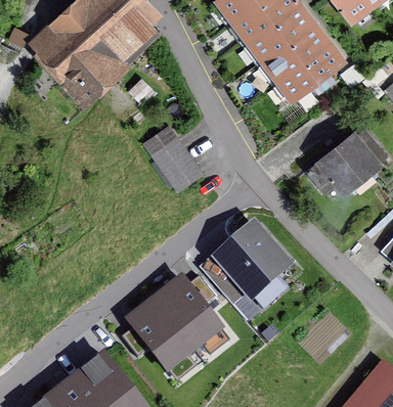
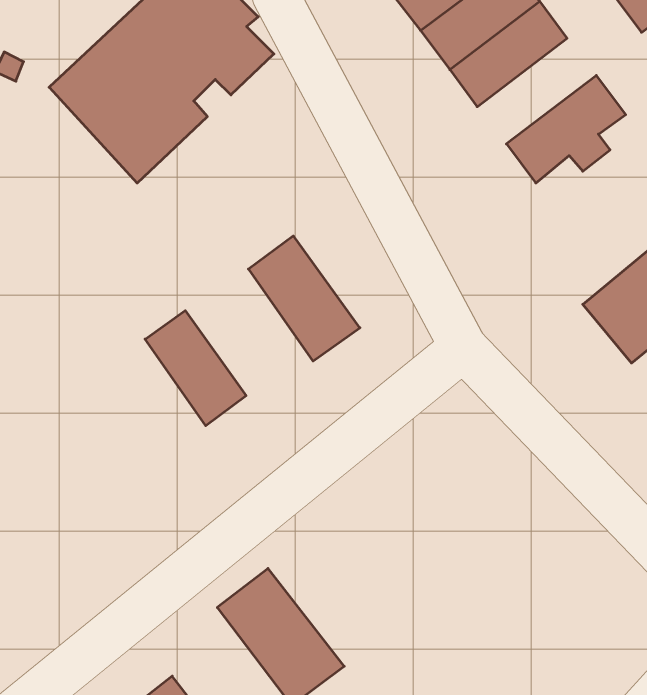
building: [263,20,325,76] -> none
building: none -> [145,311,246,426]
building: [199,226,288,308] -> none
building: [154,277,220,349] -> none

